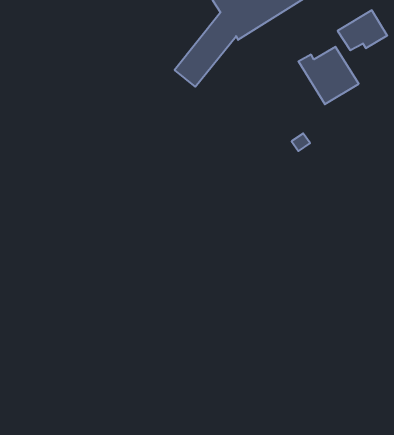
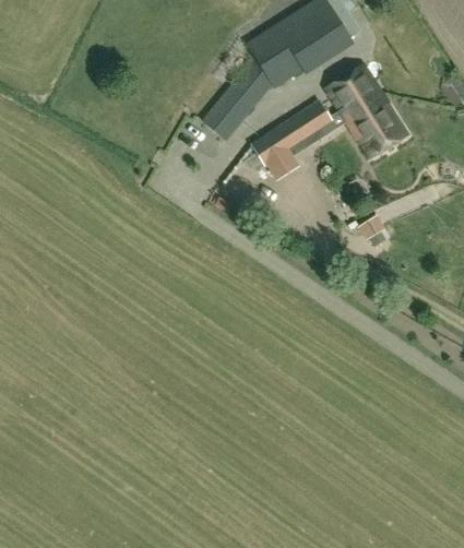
building: [338,10,387,50] -> [328,68,383,112]
building: none -> [252,103,333,168]

